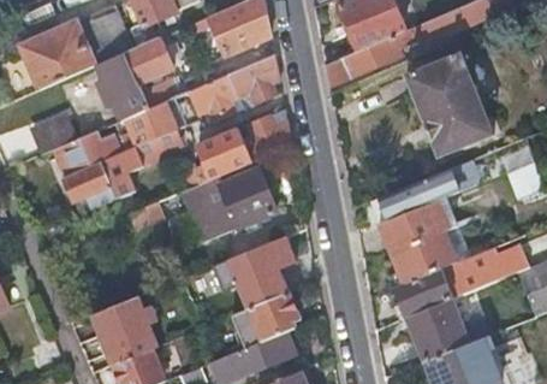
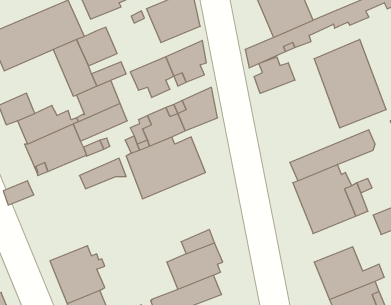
building: none -> [254,57,295,93]
building: [213,235,295,289] -> none
building: [394,267,451,315] -> none

